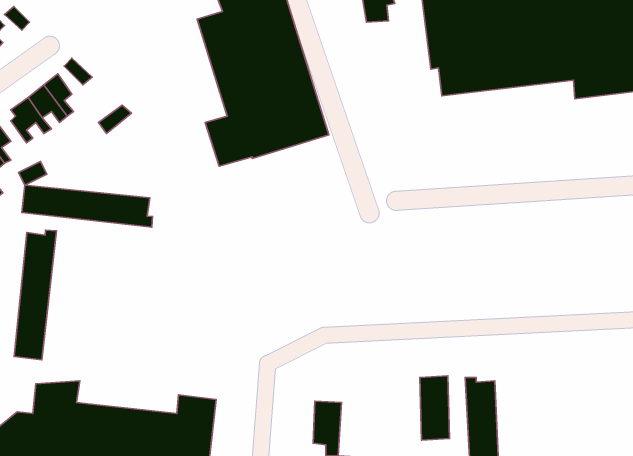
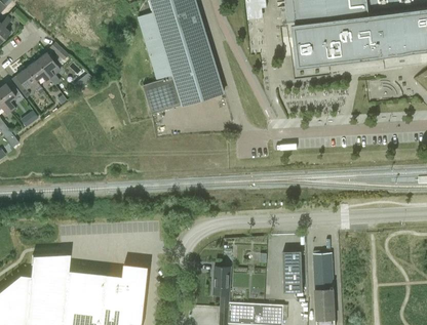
building: [22,185,152,227] -> none
building: [14,230,56,360] -> none

